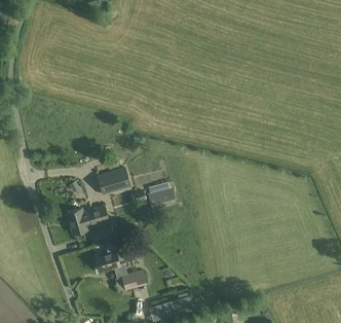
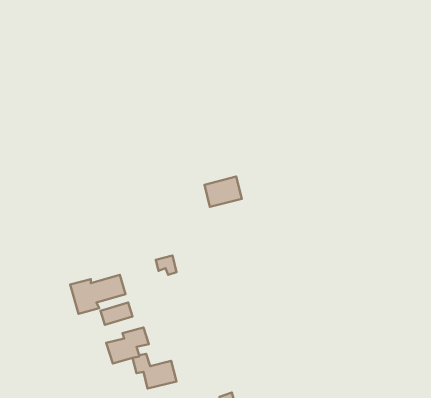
building: [97,167,128,193] -> none
building: [147,186,175,209] -> [204,177,242,207]

